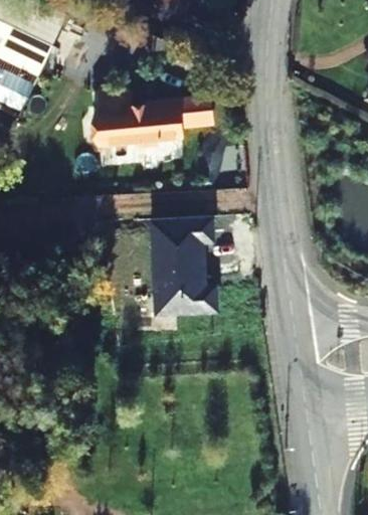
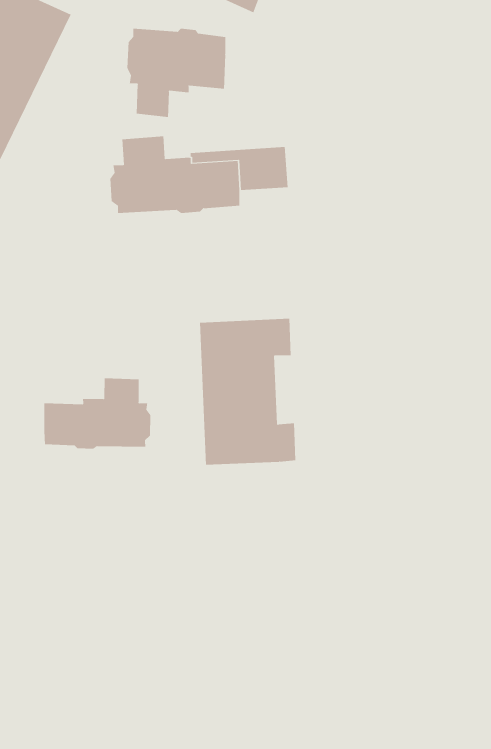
building: none -> [127,28,226,118]
building: none -> [44,378,151,450]

